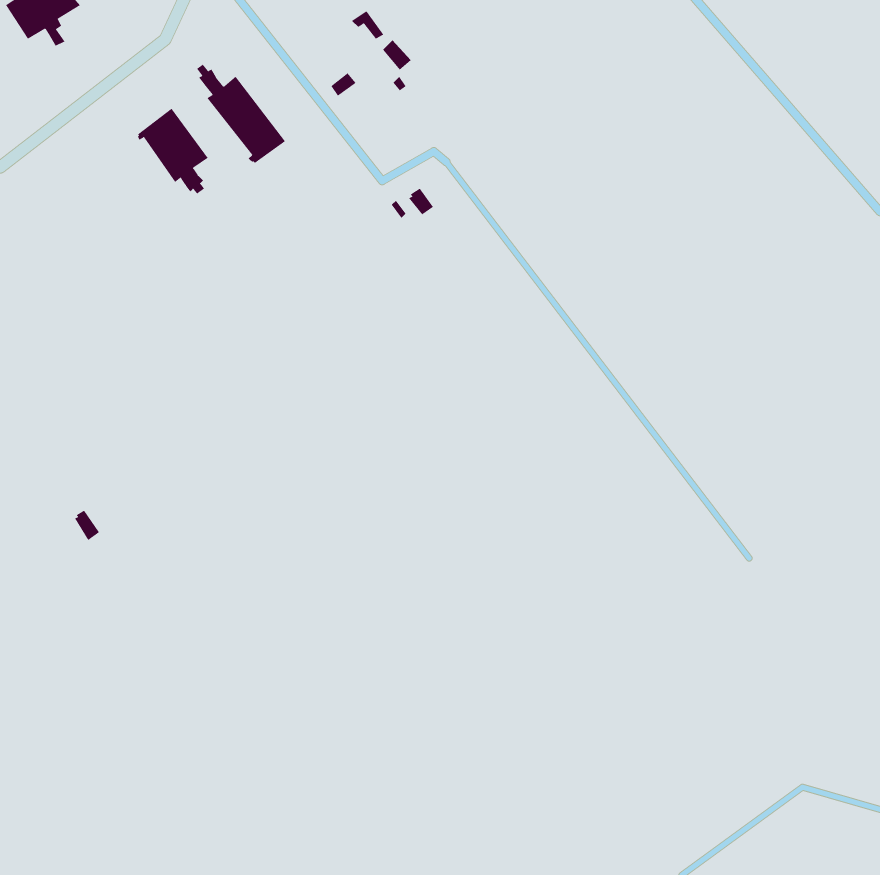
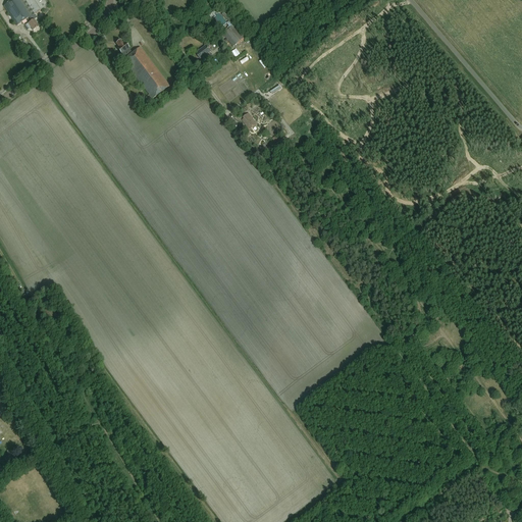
building: [137,108,208,195] -> none

